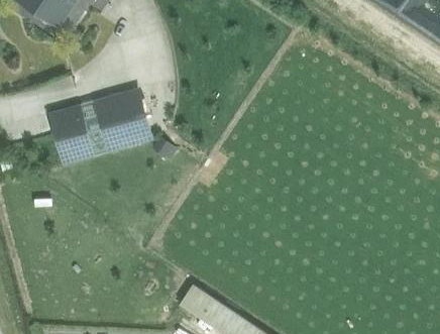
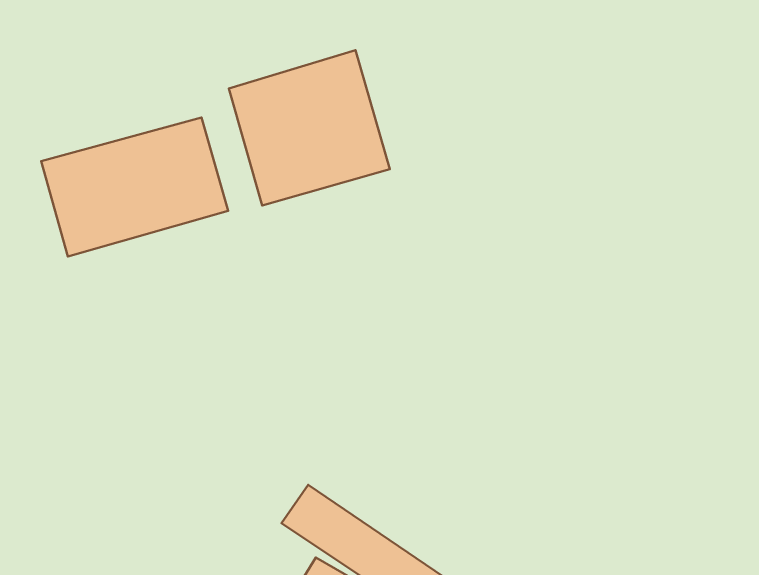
building: none -> [229,50,390,205]

